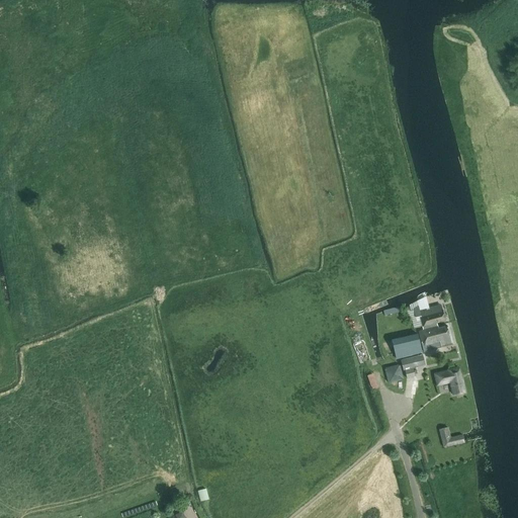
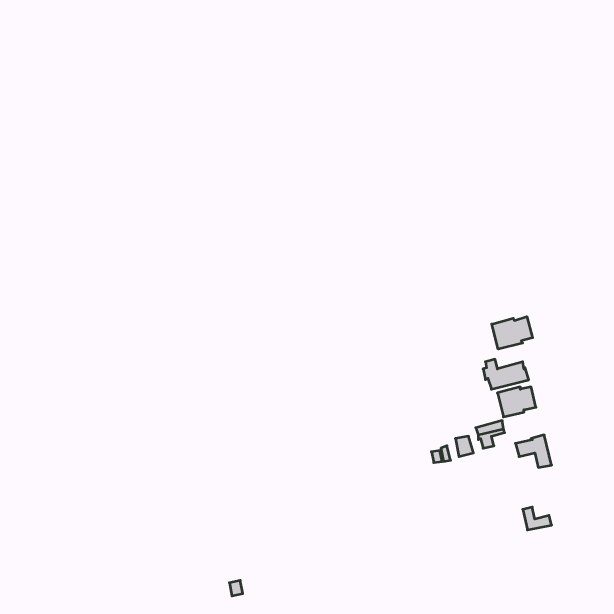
building: none -> [492,317,533,349]
building: [392,333,422,358] -> none

